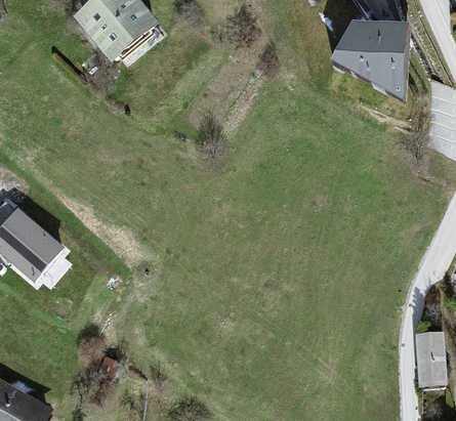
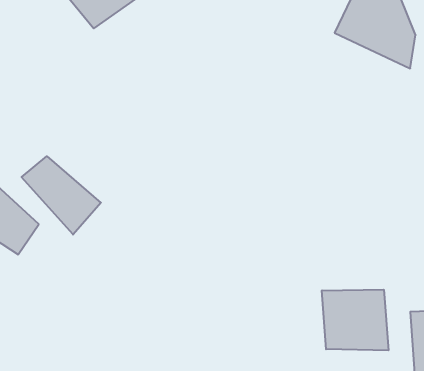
building: none -> [22,156,101,235]
building: none -> [322,290,388,350]

